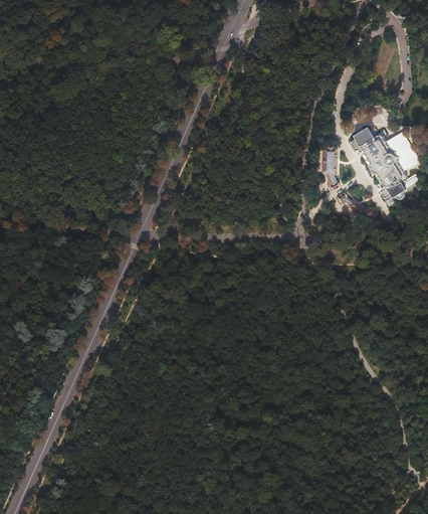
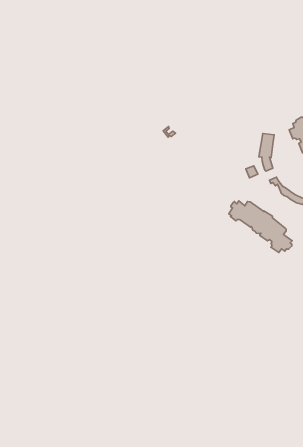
building: none -> [229,201,292,253]

